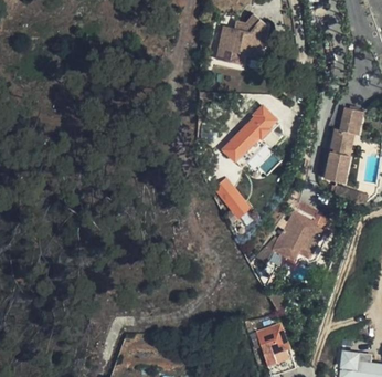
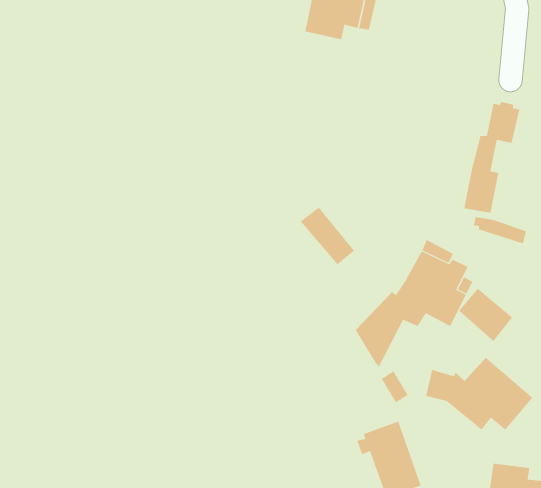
building: [222,105,278,168] -> none
building: none -> [459,288,513,342]
building: none -> [425,357,533,431]

